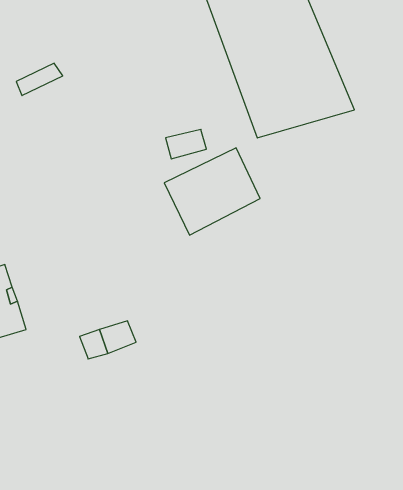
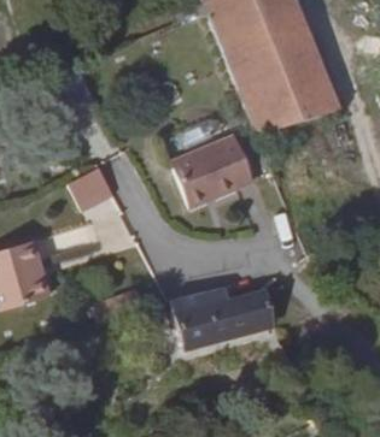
building: none -> [68,166,117,212]
building: none -> [177,283,280,346]

